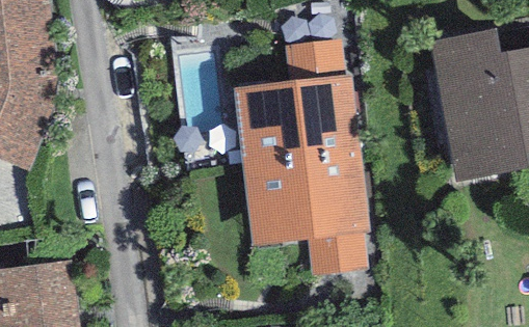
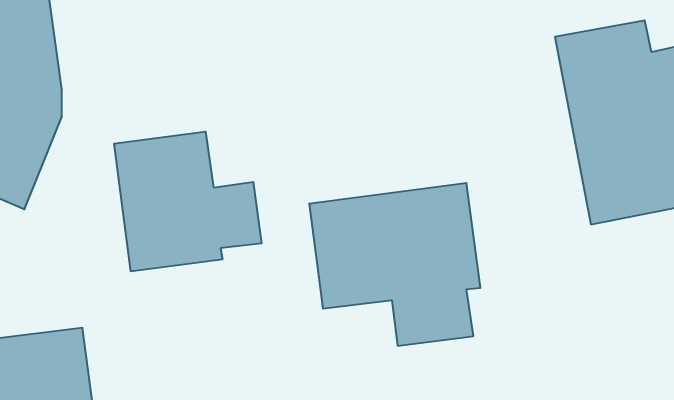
building: [232,37,361,167] -> none
building: none -> [114,132,262,271]

